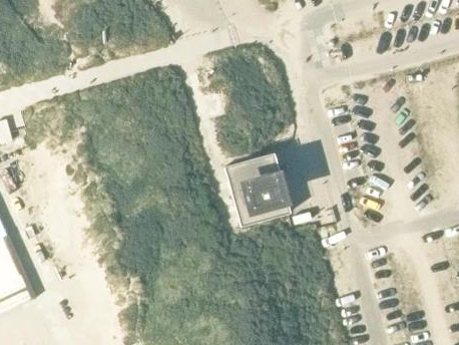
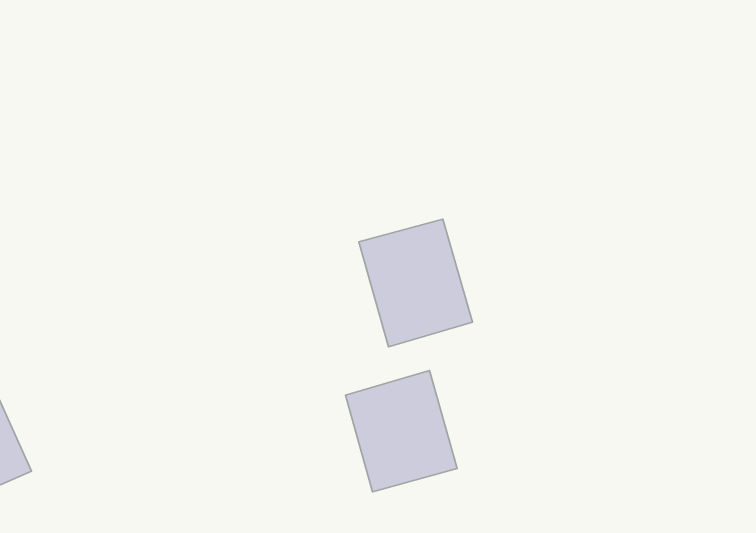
building: none -> [346,370,457,492]

